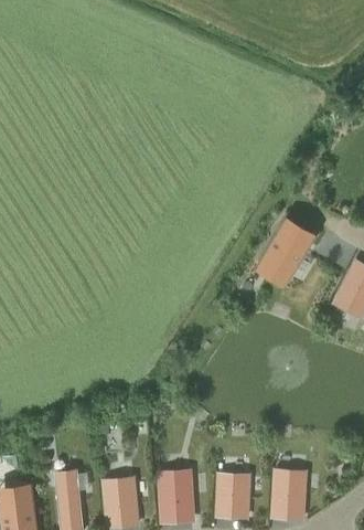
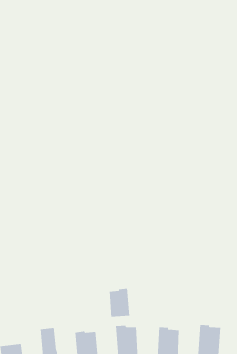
building: [264,220,312,274] -> none
building: none -> [109,288,130,318]

